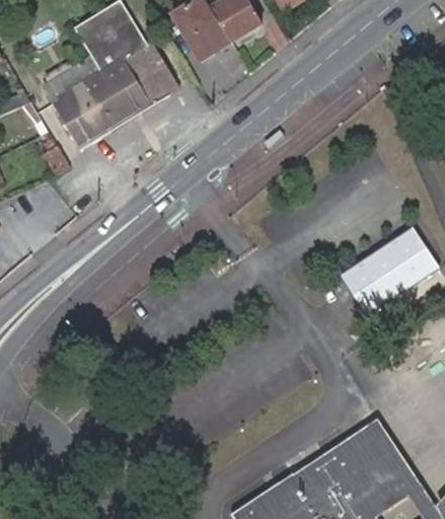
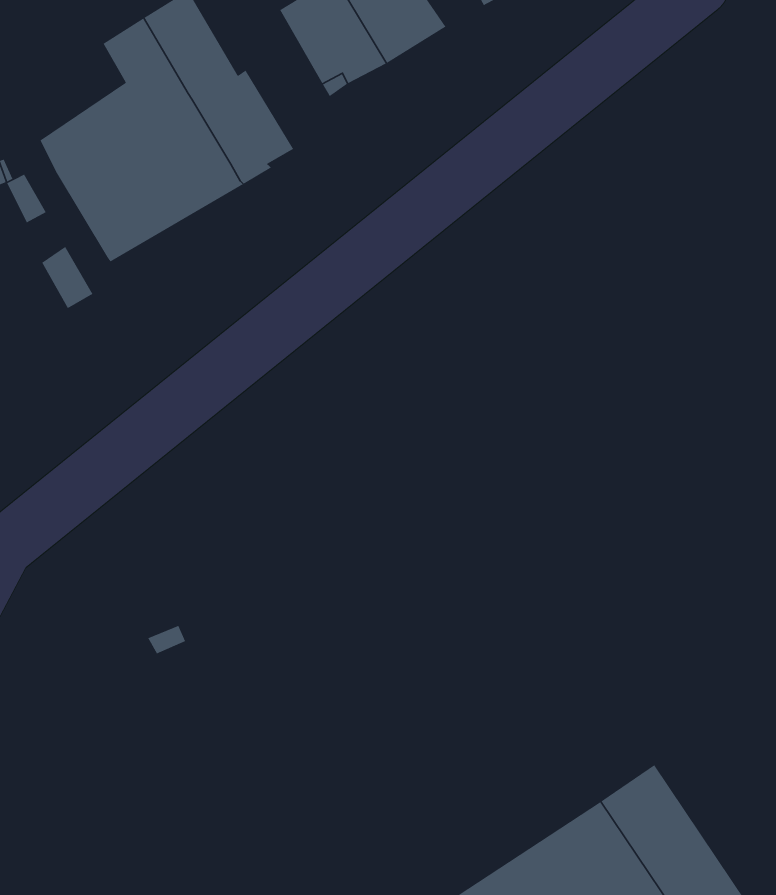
building: [337,223,438,312] -> none

